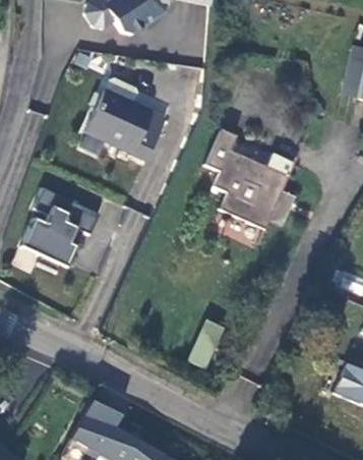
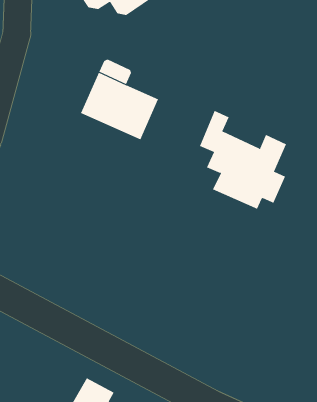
building: [19,188,99,272] -> none
building: [189,318,224,367] -> none

